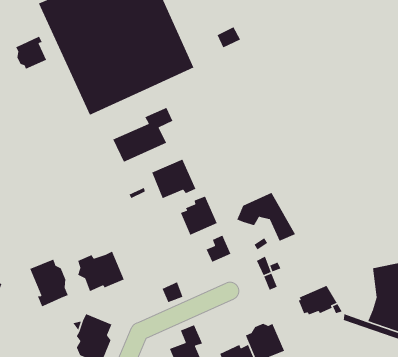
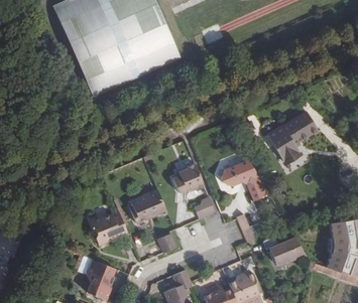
building: [15,36,47,70] -> none
building: [112,107,173,163] -> none
building: none -> [262,111,318,163]
building: [151,159,196,199] -> [128,189,165,222]
building: [29,258,69,307] -> none

